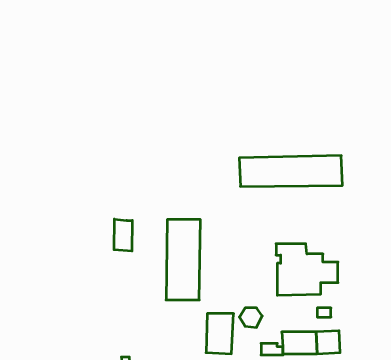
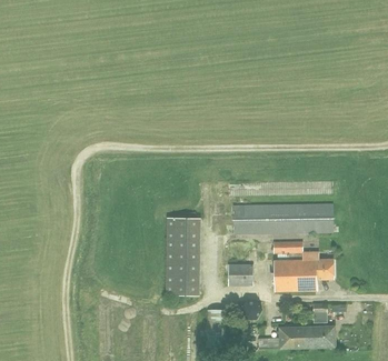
building: [239,156,342,186] -> [232,203,332,233]
building: [114,219,132,251] -> none
building: none -> [228,264,252,284]

